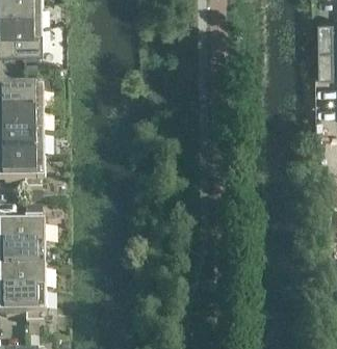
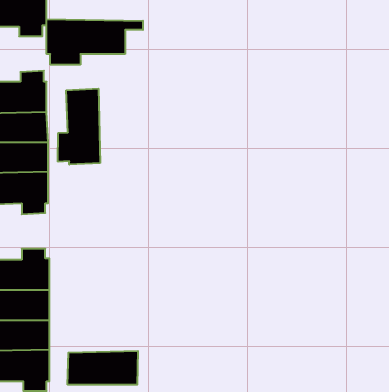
building: none -> [47,19,143,65]
building: none -> [58,89,100,165]
building: none -> [68,351,138,385]

